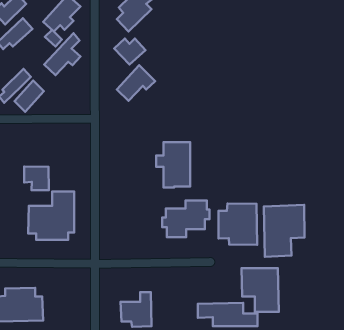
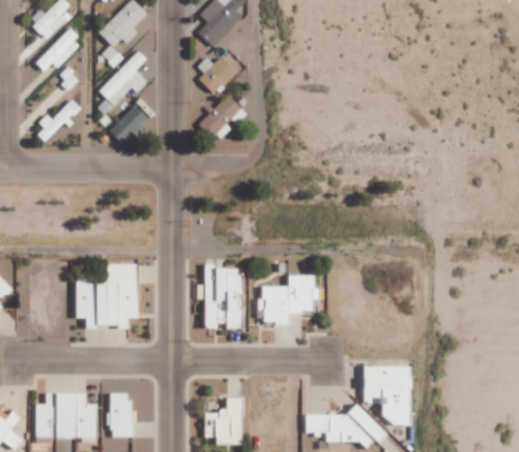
building: [14,81,44,112] -> [108,103,147,145]
building: [156,142,190,187] -> [195,266,241,327]
building: [24,167,49,190] -> none
building: [219,204,257,245] -> none
building: [264,205,305,257] -> none
building: none -> [109,392,131,436]

